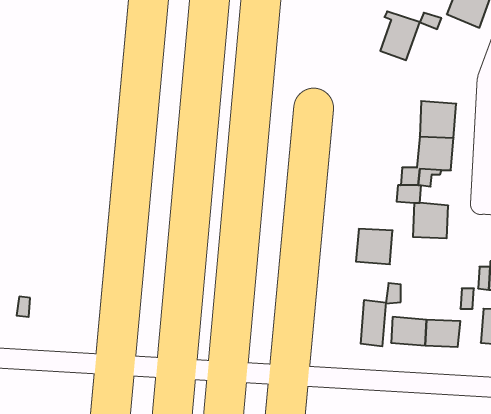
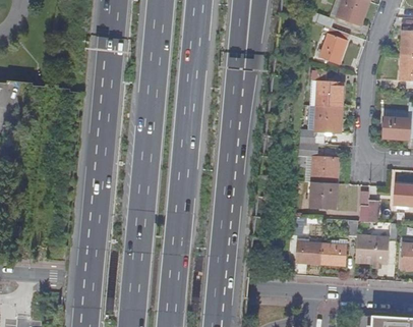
building: [380,11,420,60] -> [319,26,349,63]
building: [356,229,393,264] -> [309,181,337,208]
building: [361,300,386,346] -> none

